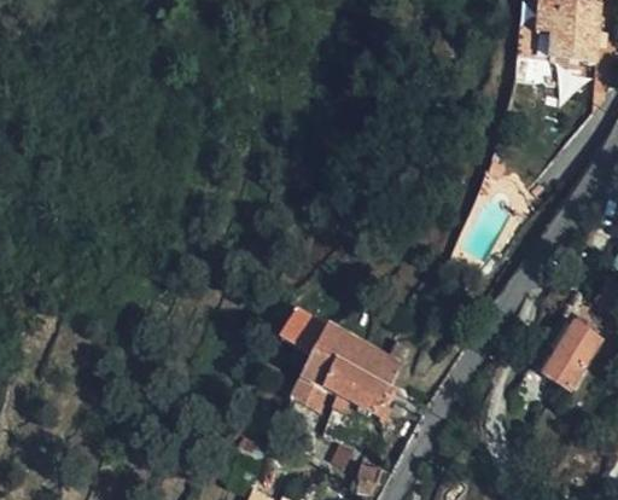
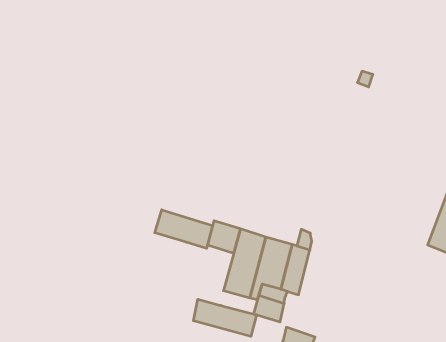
building: none -> [155,210,212,248]
building: none -> [193,299,257,336]

